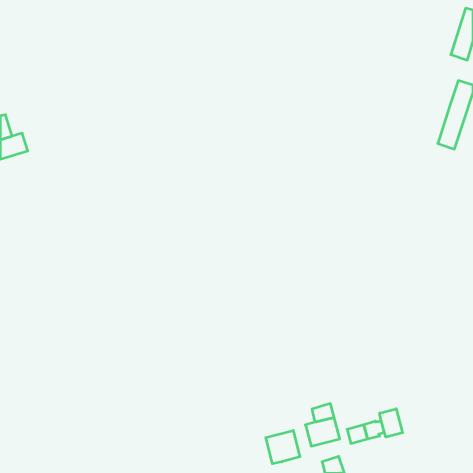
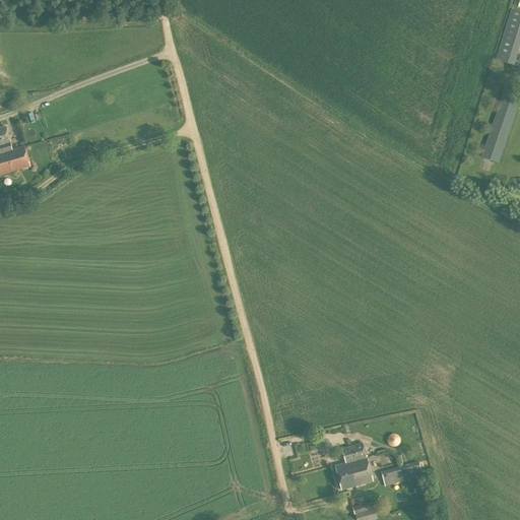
building: [380,409,403,437] -> none
building: [266,430,300,464] -> none

